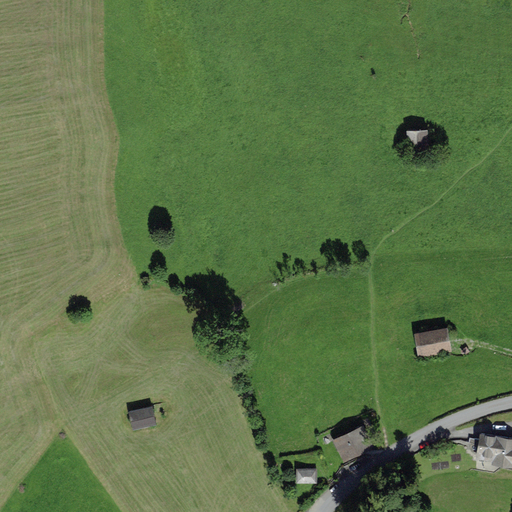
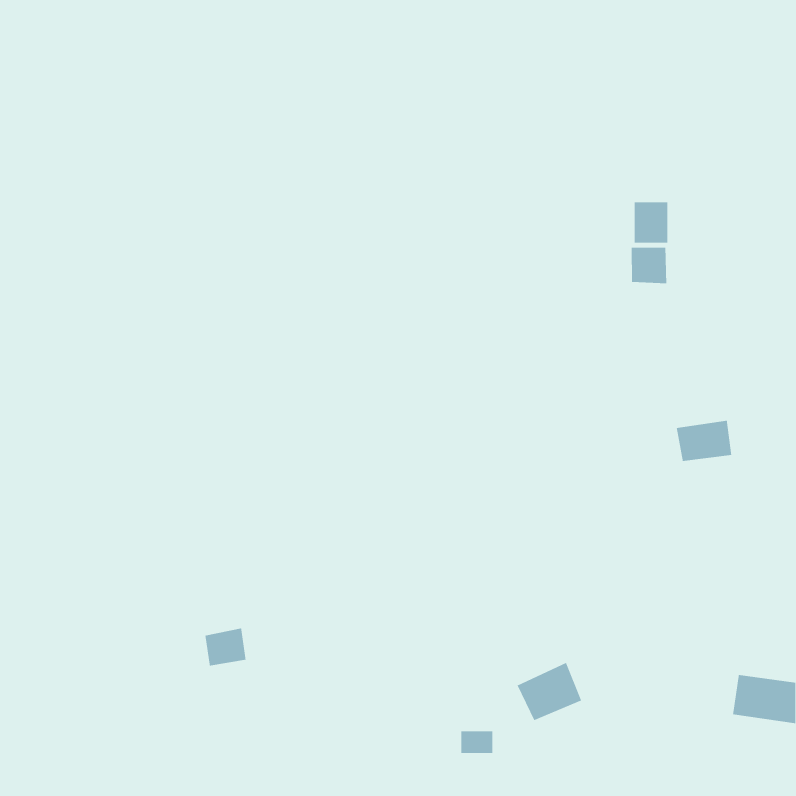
building: none -> [631,247,667,284]
building: [414,329,450,356] -> [676,420,732,462]

